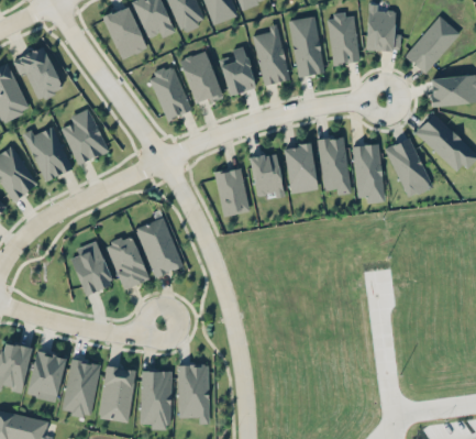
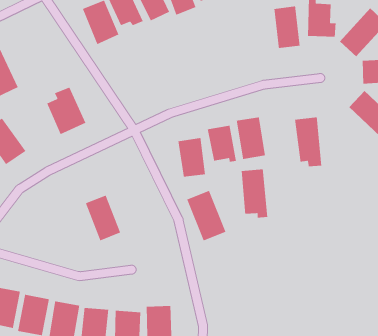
building: [288,15,323,77] -> none
building: [251,28,290,86] -> none
building: [12,45,63,100] -> none
building: [218,46,255,96] -> none
building: [179,50,222,103] -> none
building: [147,65,191,120] -> none
building: [22,125,71,182] -> none
building: [318,136,350,195] -> [241,169,268,218]
building: [385,138,432,198] -> none
building: [135,217,182,277] -> [186,190,226,242]
building: [69,240,113,295] -> none

